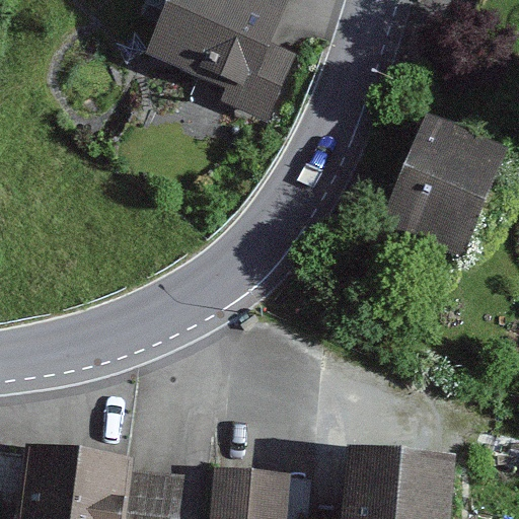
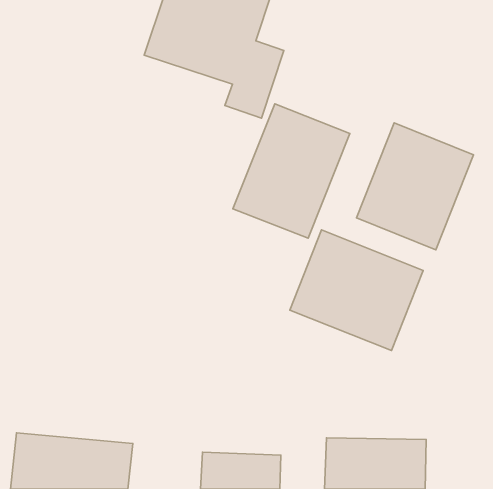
building: none -> [233,104,350,238]
building: none -> [290,230,423,351]

